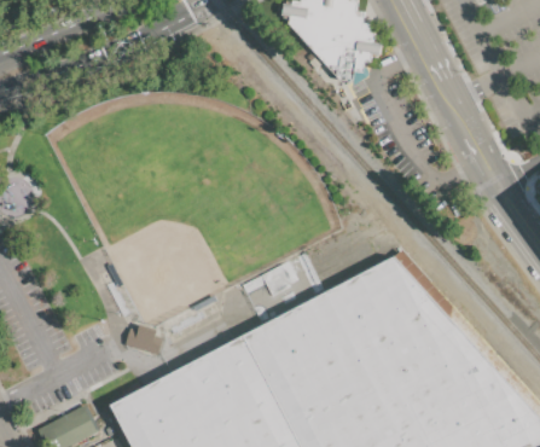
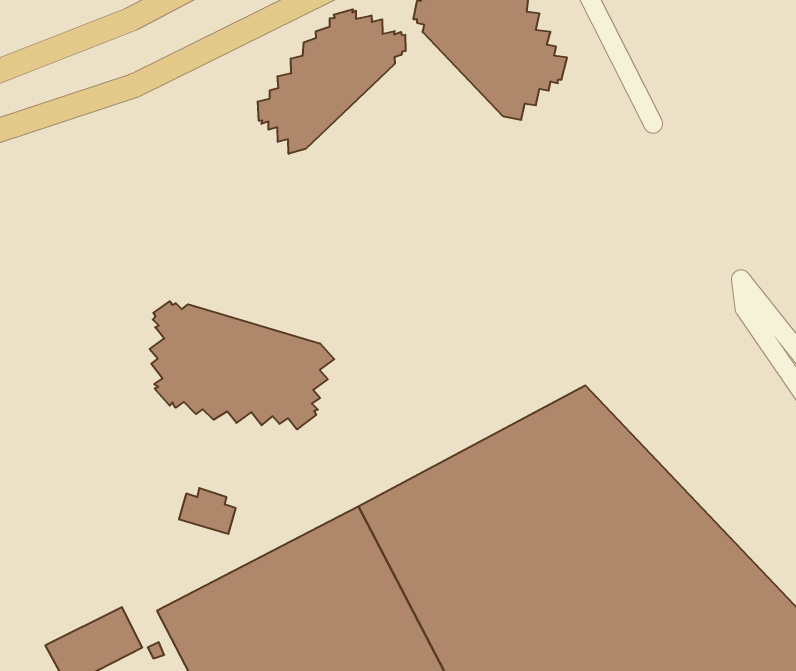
building: none -> [258,9,405,154]
building: none -> [150,301,334,429]

